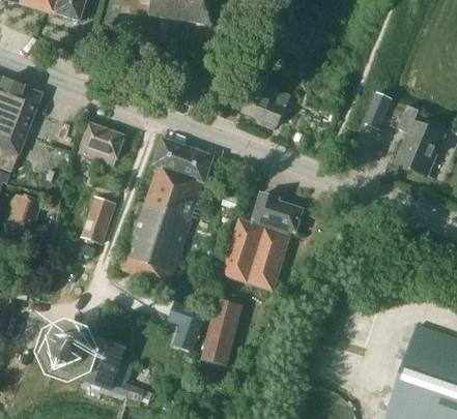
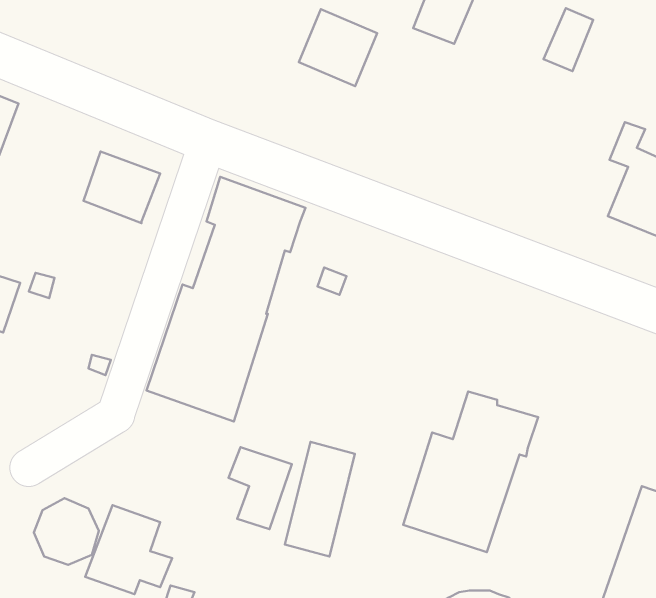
building: [241,80,289,126] -> [299,9,377,86]
building: [363,92,393,130] -> [544,8,593,71]
building: [222,193,304,291] -> [403,391,538,552]
building: [80,196,117,244] -> none

